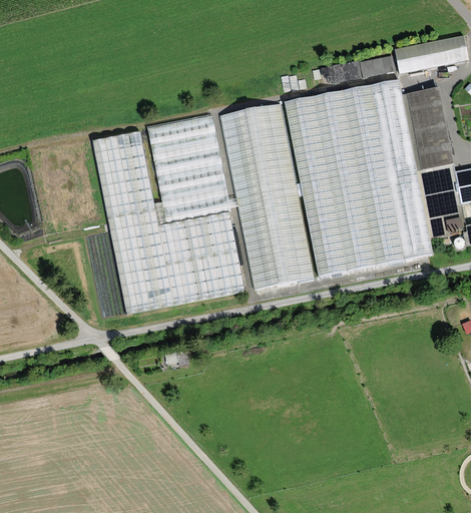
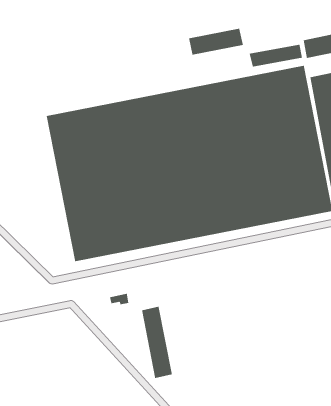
building: none -> [188,28,243,56]
building: none -> [141,306,172,379]

